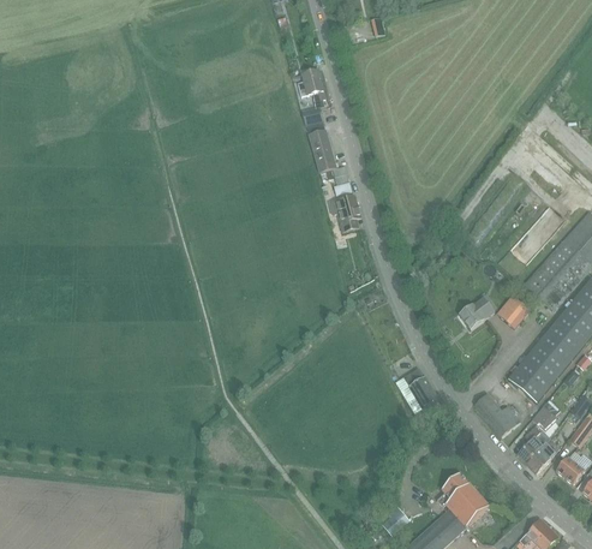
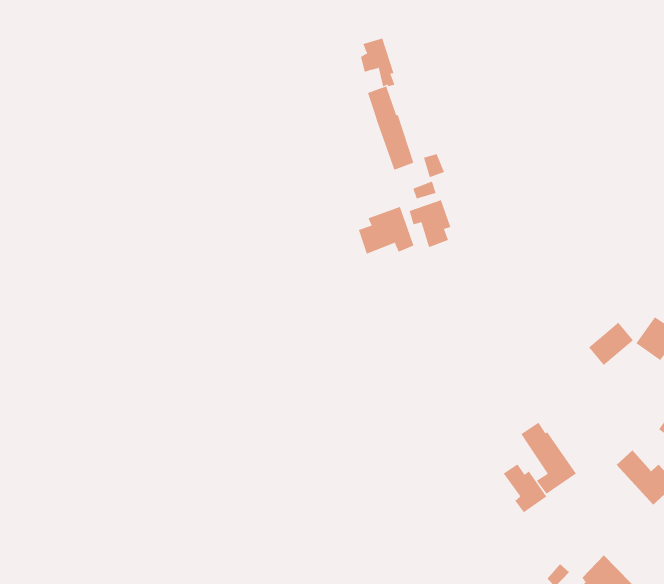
building: none -> [358,206,414,254]
building: none -> [503,464,547,513]

